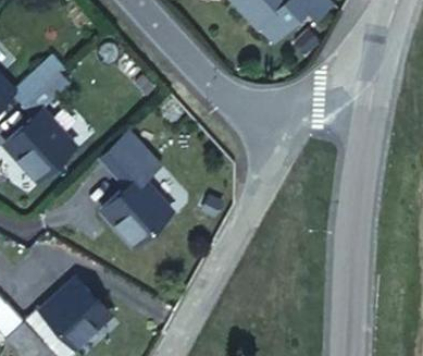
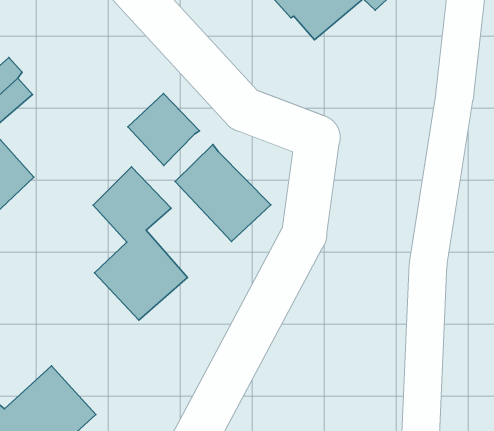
building: none -> [128,93,200,165]
building: none -> [175,145,271,242]

